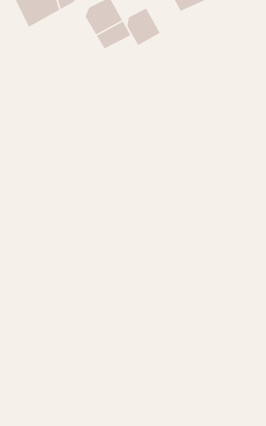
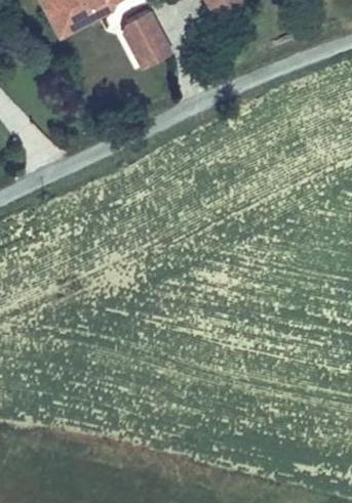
building: [126,8,161,46] -> none

